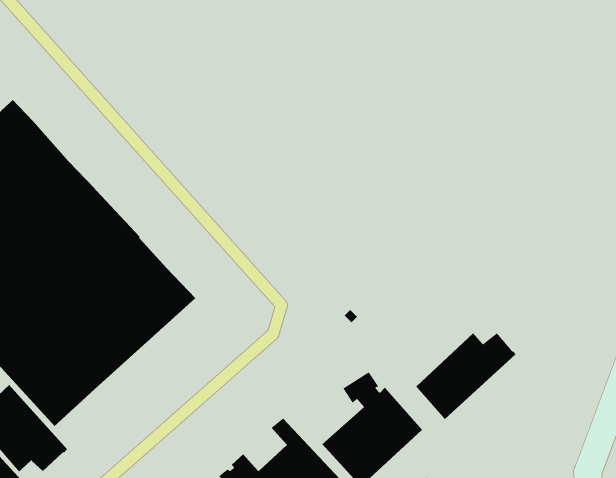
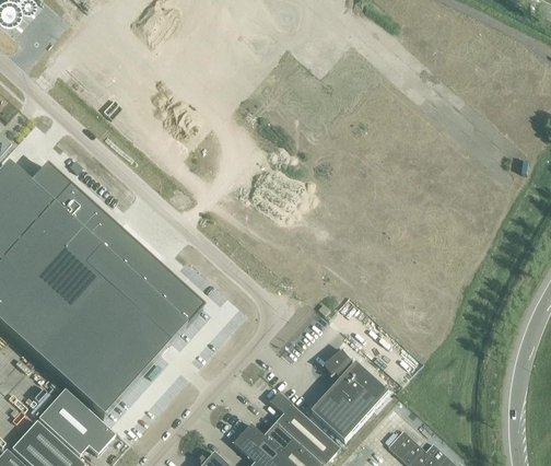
building: [416,332,516,420] -> none

